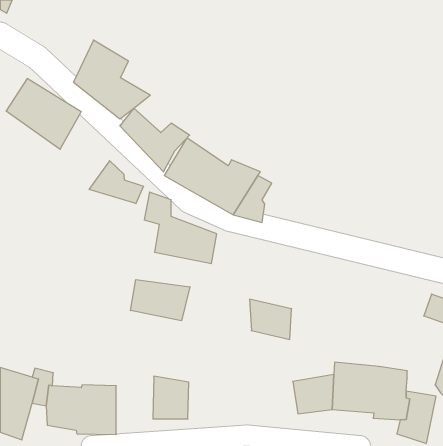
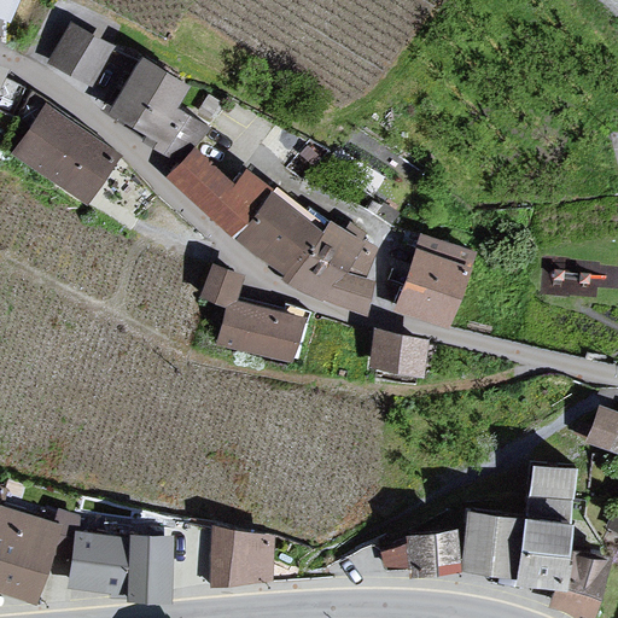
building: none -> [58,25,117,83]
building: [89,161,143,204] -> none
building: none -> [396,235,477,330]
building: [131,280,190,321] -> none
building: [250,299,292,339] -> [371,327,428,383]
building: none -> [529,455,576,523]

